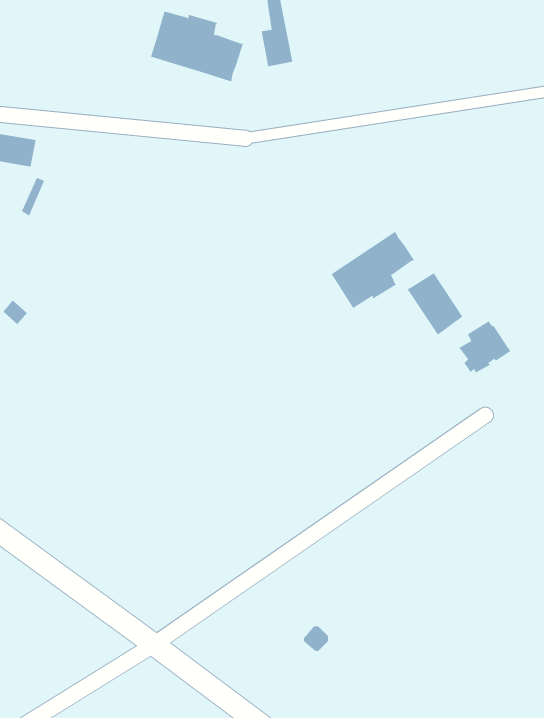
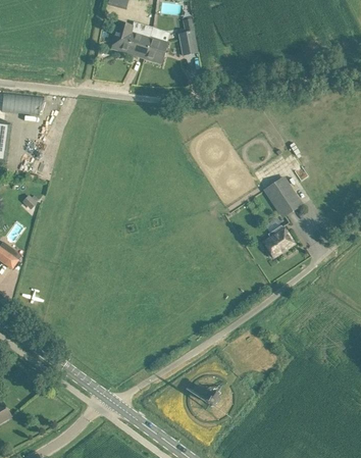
building: [331,231,415,309] -> none
building: [459,321,511,373] -> [262,225,294,257]

